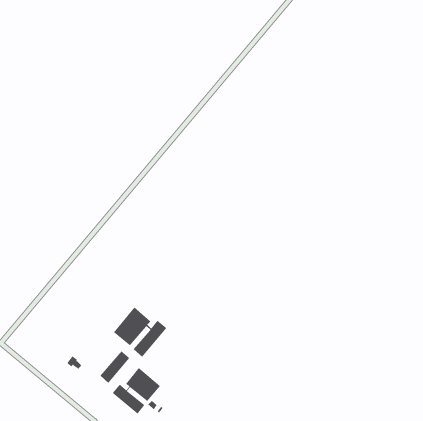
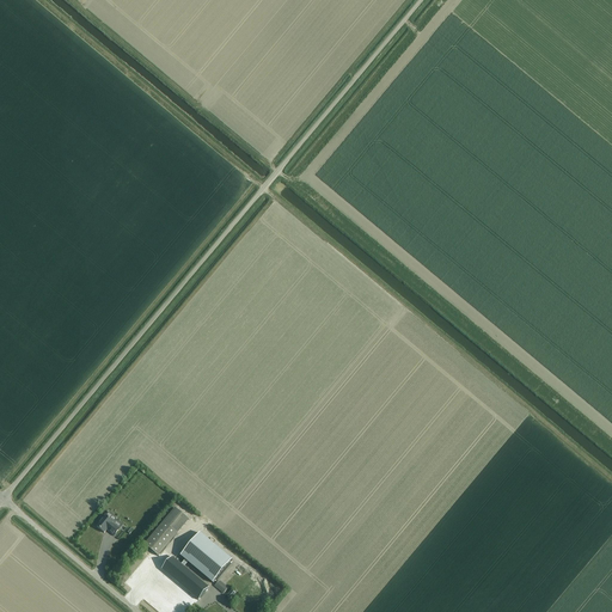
building: [113,306,167,357] -> none

